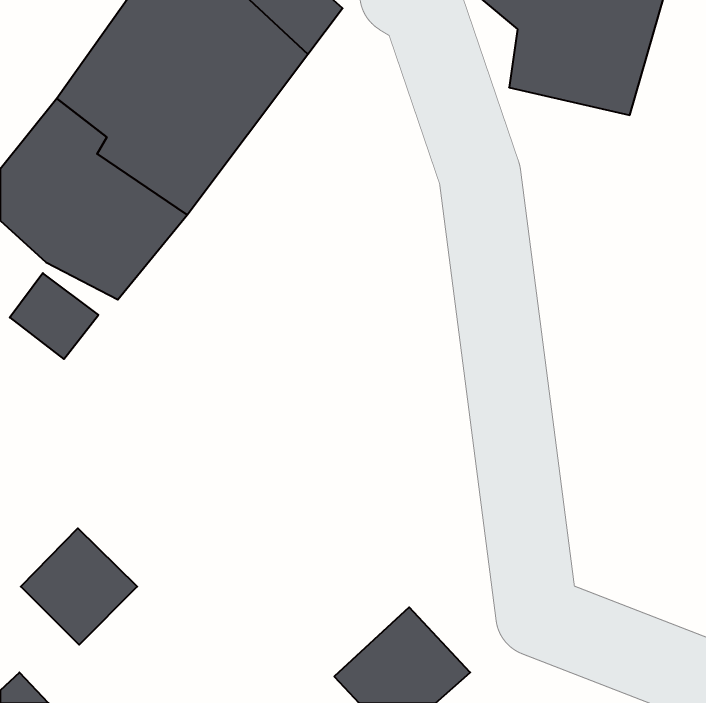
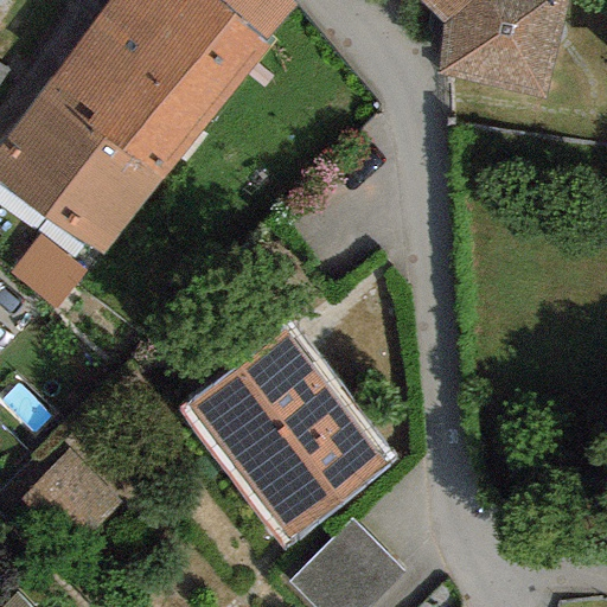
building: none -> [184,319,378,522]

